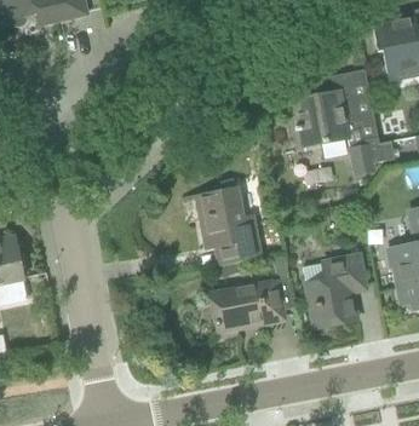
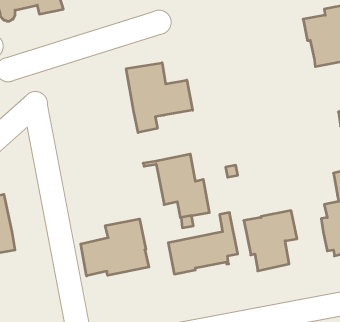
building: [294,69,395,173] -> none
building: none -> [126,63,193,133]
building: none -> [81,219,149,276]

